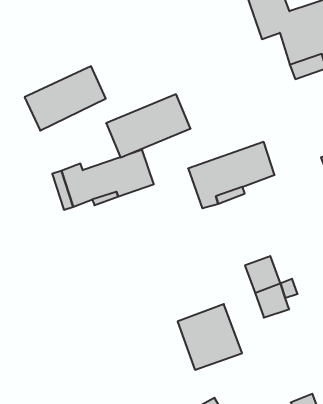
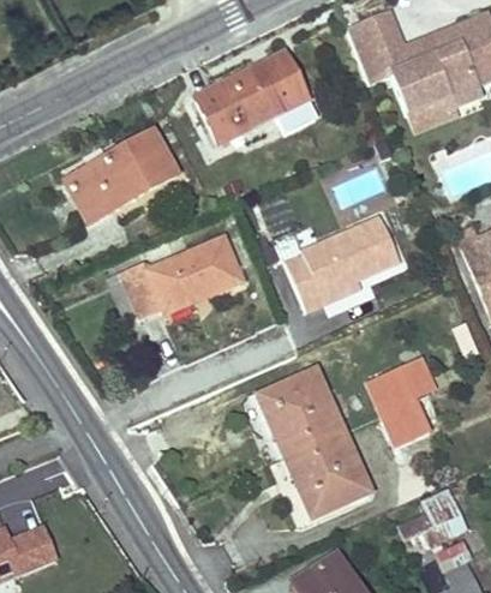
building: [106,94,191,157] -> [197,53,307,139]
building: none -> [257,369,343,456]
building: none -> [389,486,467,544]

